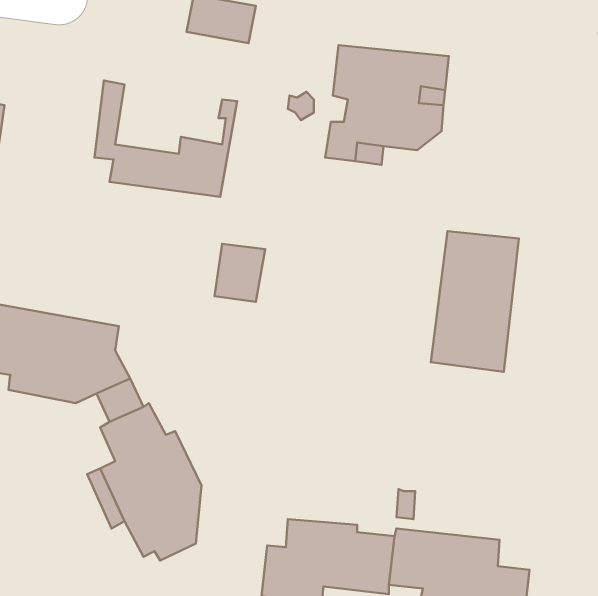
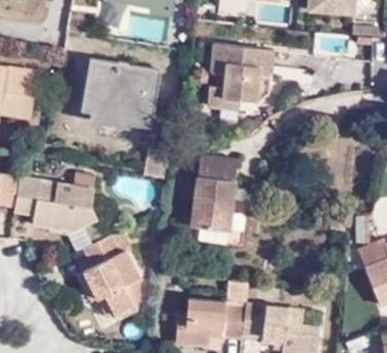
building: none -> [92,62,152,100]
building: [431,231,519,372] -> [191,155,239,232]

